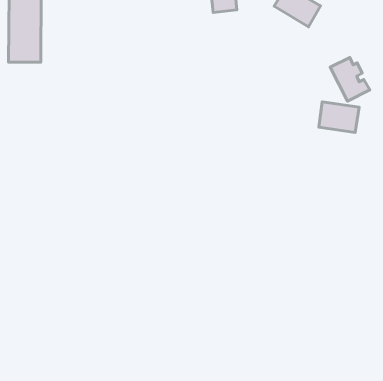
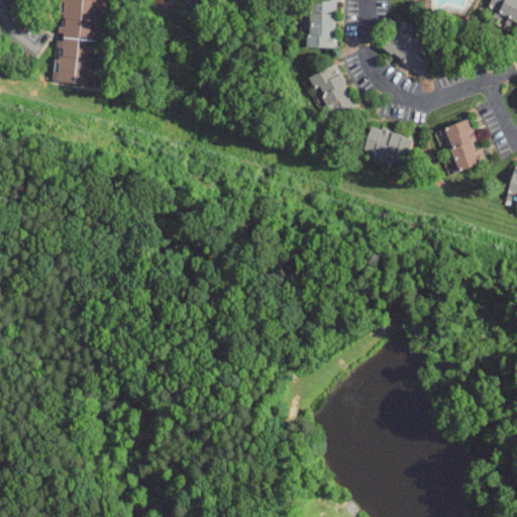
building: none -> [308,64,356,121]
building: [319,102,359,133] -> [363,127,414,169]

